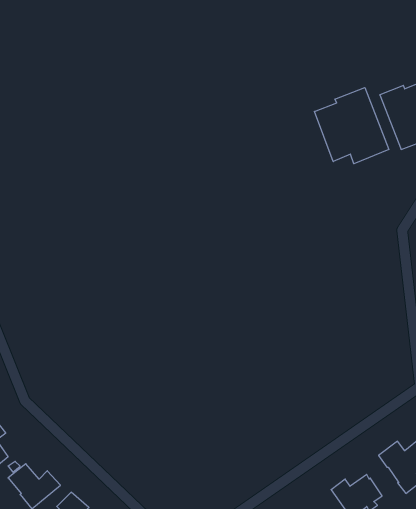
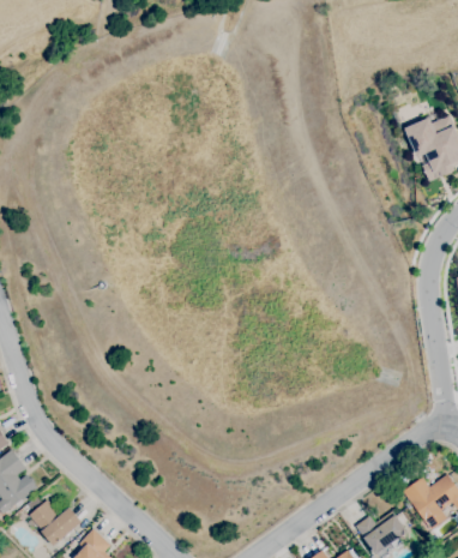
building: [314,88,389,164] -> none

